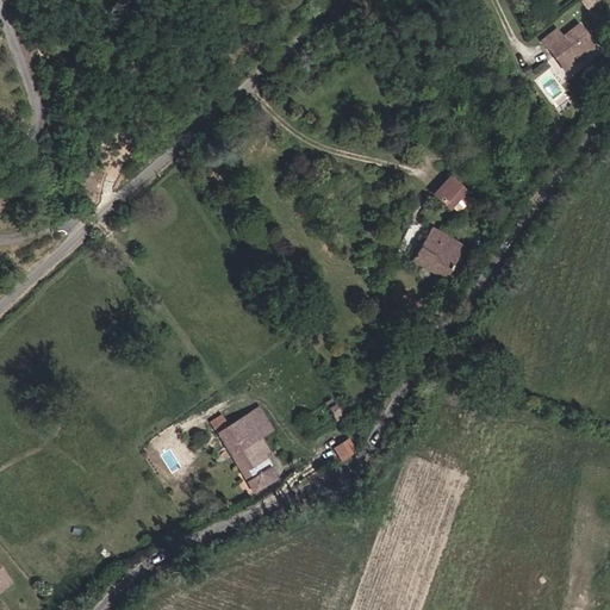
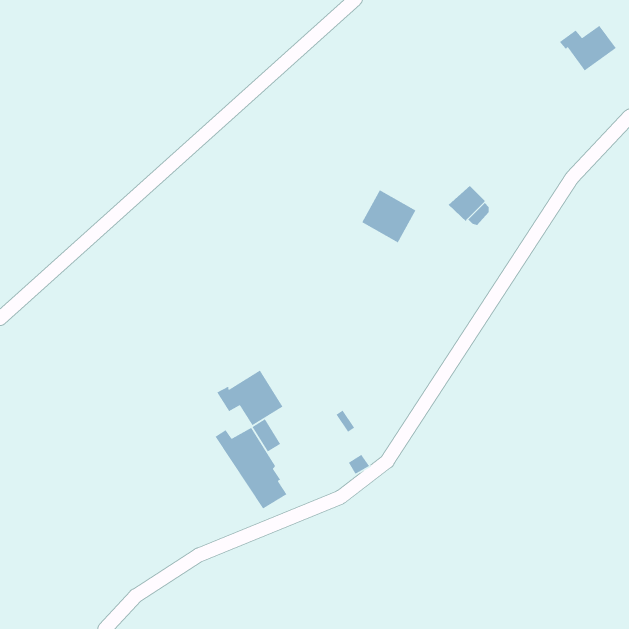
building: [409,226,462,279] -> [361,189,417,243]
building: none -> [216,369,283,426]

